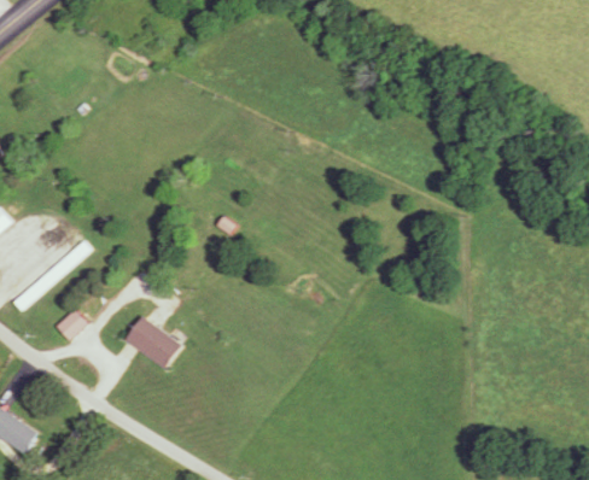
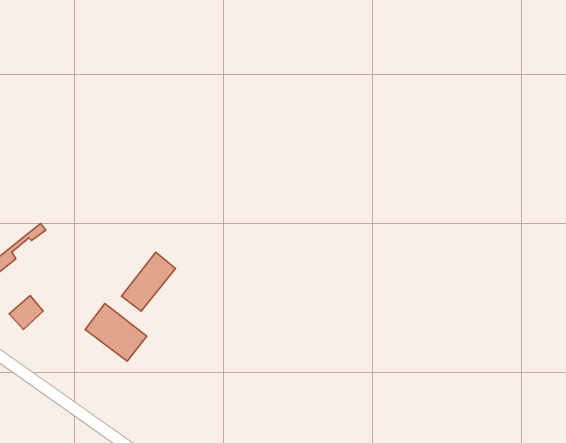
building: none -> [121,252,175,311]

